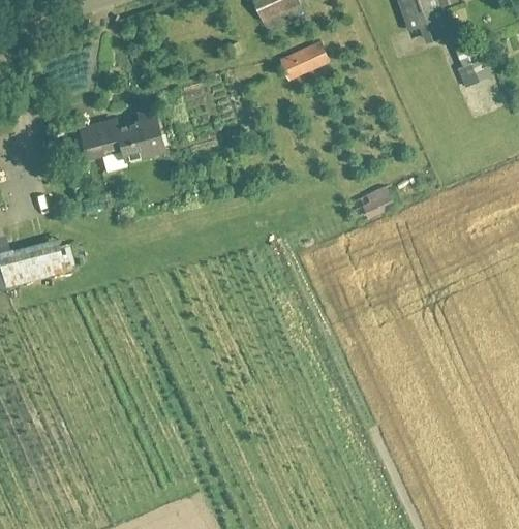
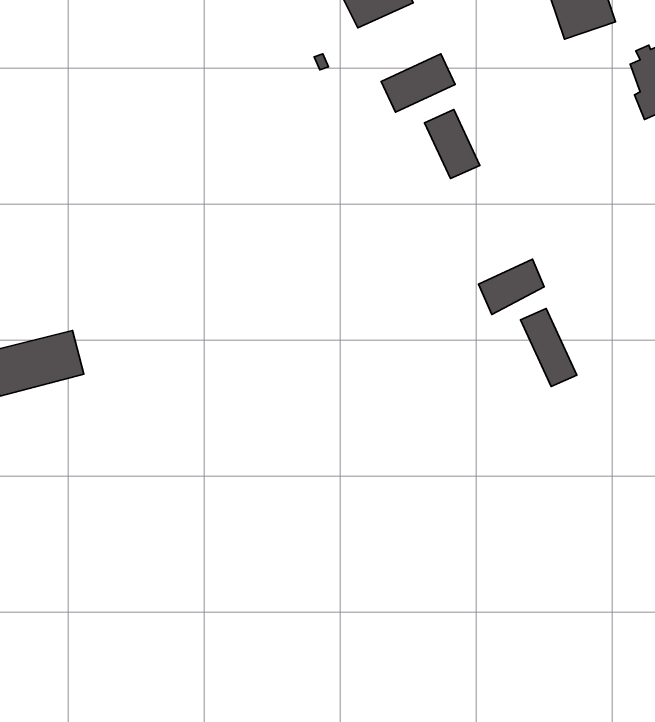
building: none -> [424,109,480,179]
building: [80,110,164,162] -> none
building: none -> [520,308,577,386]

